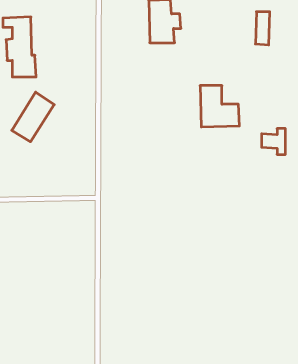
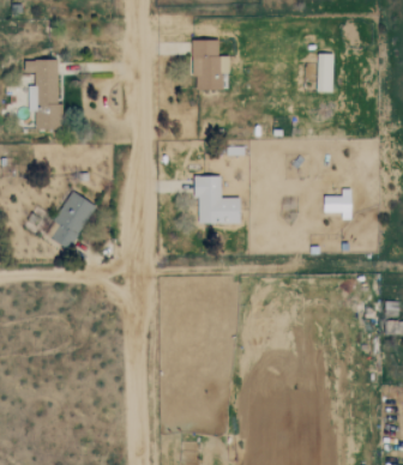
building: [200,86,239,127] -> [196,176,241,224]
building: [12,92,54,142] -> [47,192,96,249]

